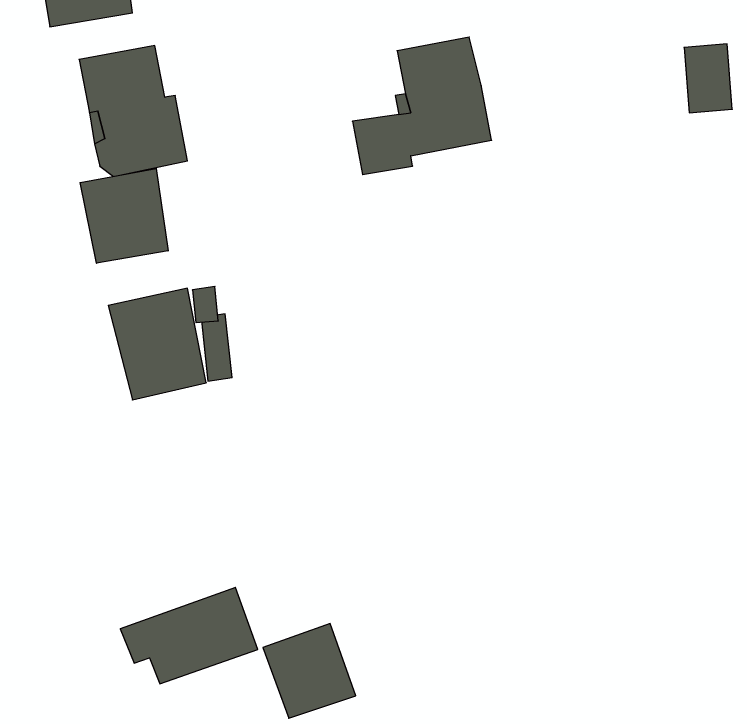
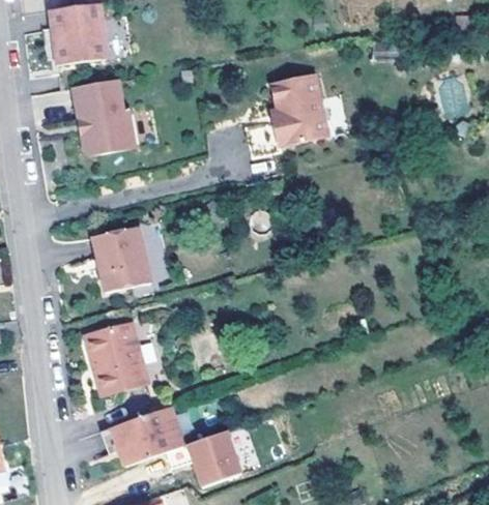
building: [80,168,168,263] -> none
building: none -> [88,326,147,396]

